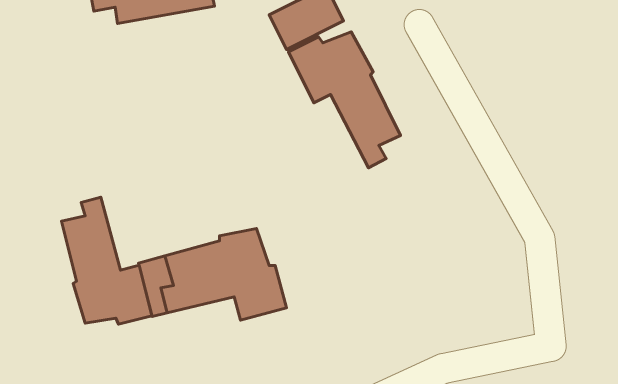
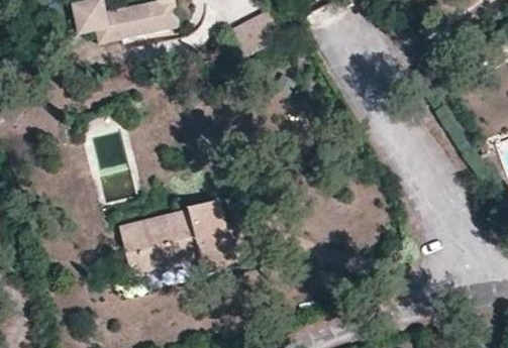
building: [289,32,401,168] -> none
building: [61,197,152,324] -> none

